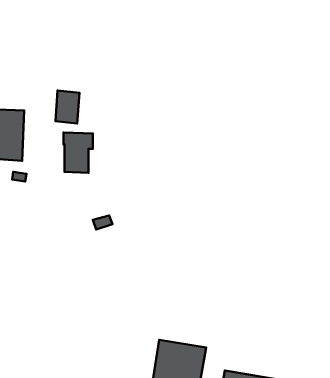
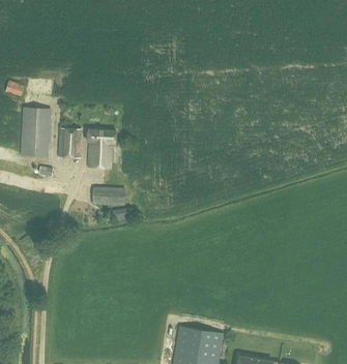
building: [55,91,79,123] -> [58,126,81,157]
building: none -> [92,186,124,204]

